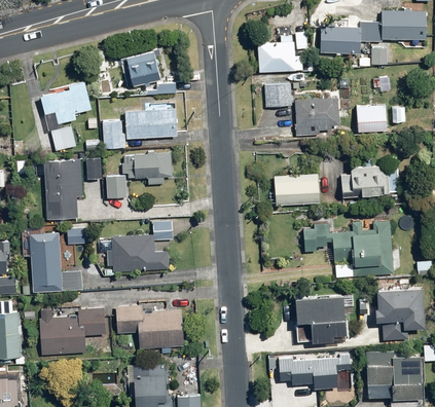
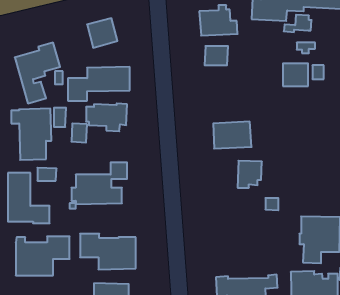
building: [295,99,338,137] -> none
building: [341,166,397,198] -> none
building: [333,222,392,275] -> none
building: [296,294,347,342] -> none

